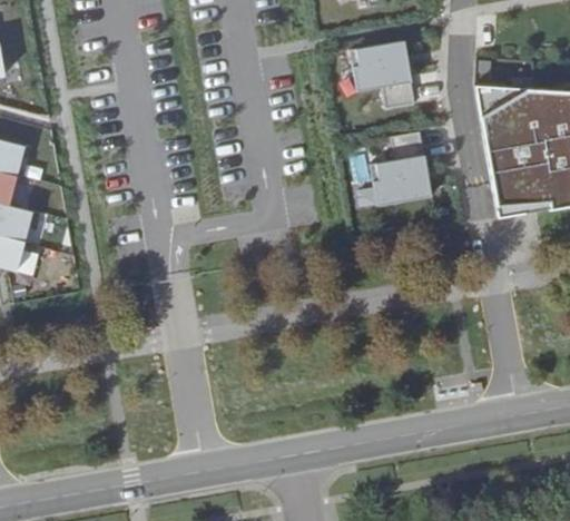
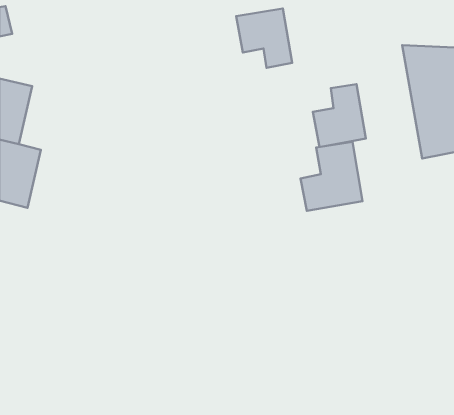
building: [347,40,413,109] -> [236,9,292,68]
building: none -> [301,142,363,211]

